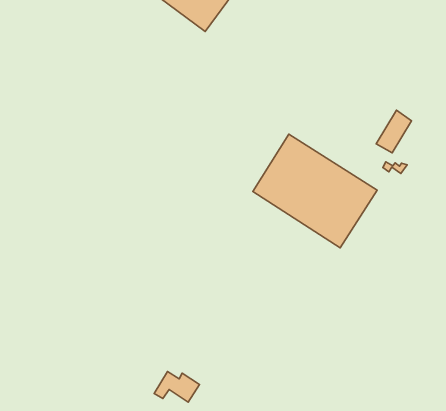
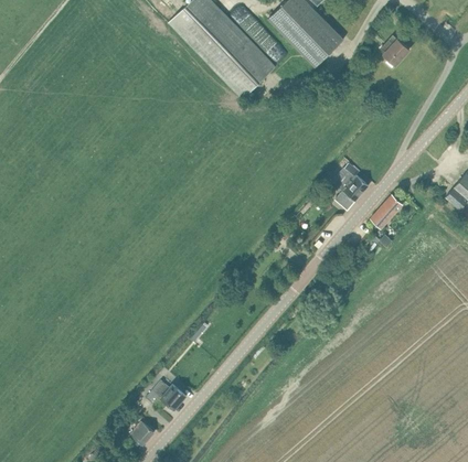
building: none -> [332,163,369,209]
building: [253,134,377,248] -> none

